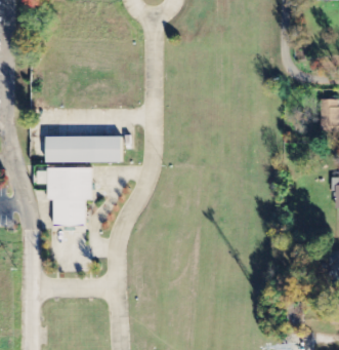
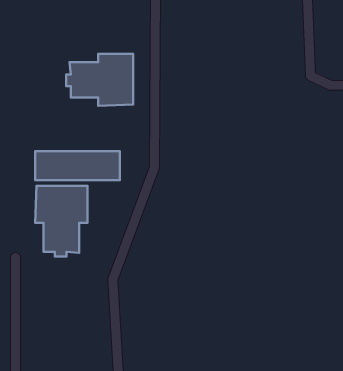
building: none -> [66,54,133,106]

